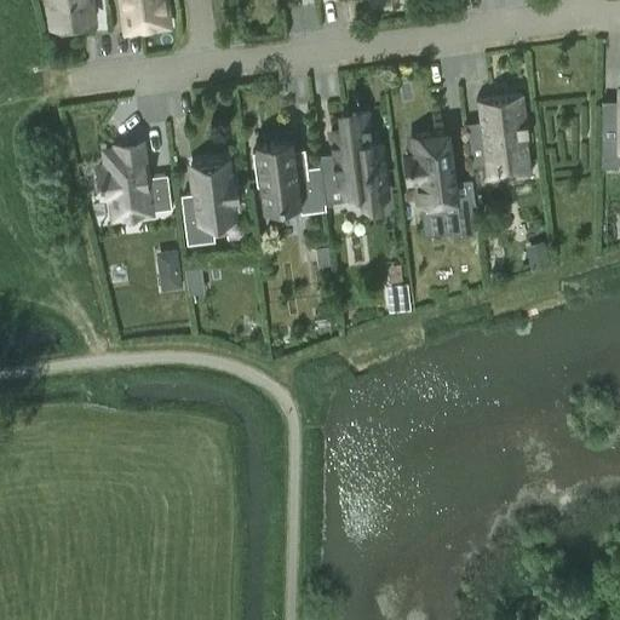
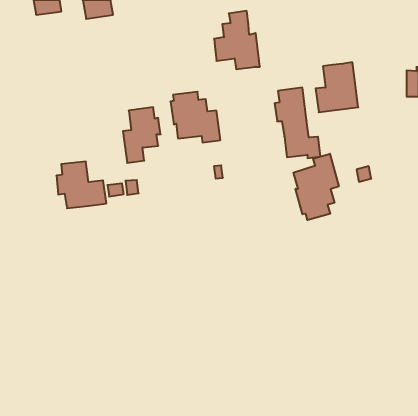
building: [320,115,388,201] -> [214,11,260,69]
building: [99,149,173,218] -> [56,162,106,208]
building: none -> [293,154,339,220]

